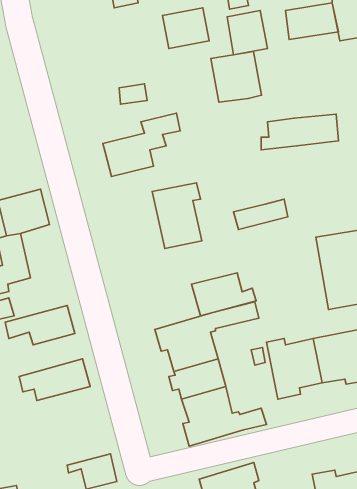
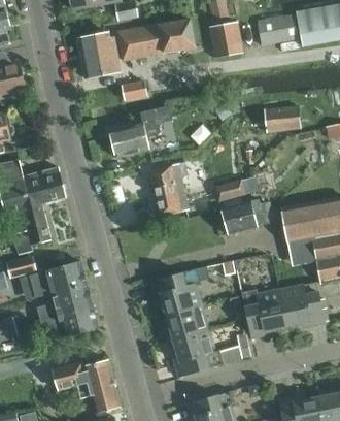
building: none -> [117,26,162,60]
building: none -> [76,32,120,78]
building: [211,51,262,102] -> none
building: [191,273,256,316] -> [220,199,273,234]
building: none -> [36,285,92,320]
building: none -> [52,360,114,392]

